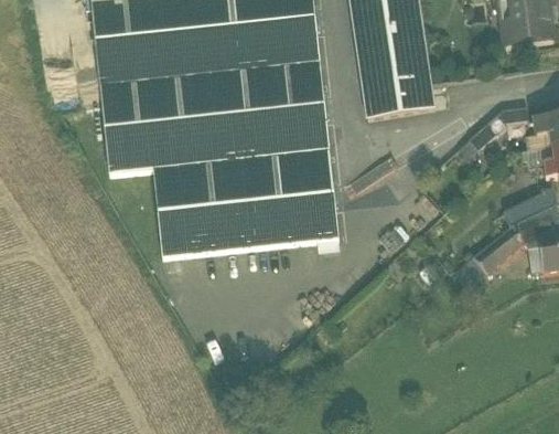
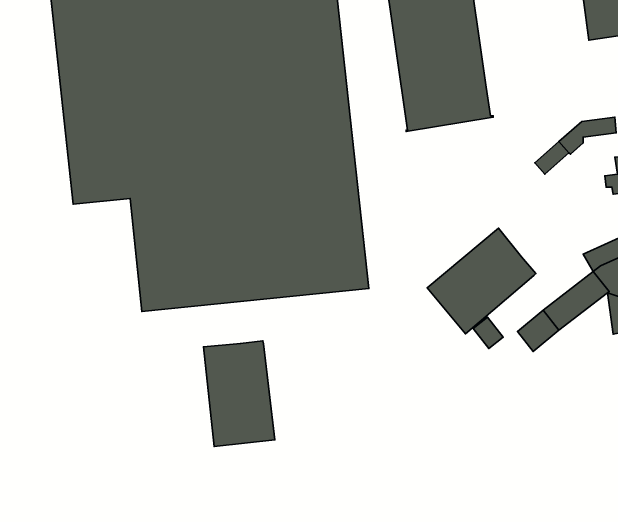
building: none -> [427,228,536,334]
building: none -> [203,341,275,446]

